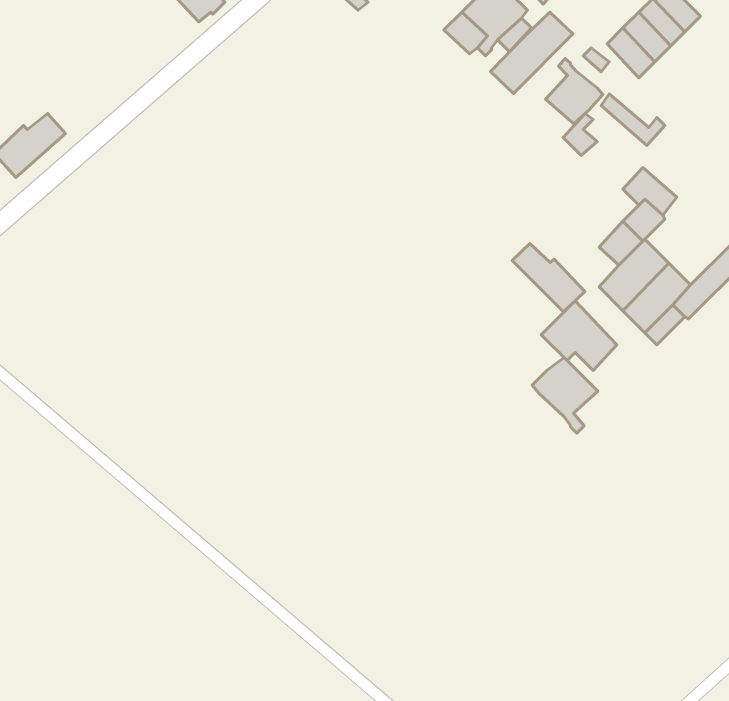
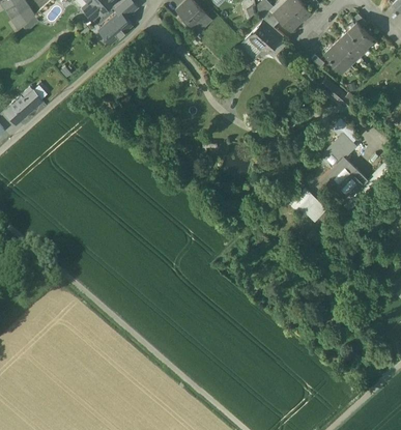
building: [490,12,573,93] -> none
building: [545,58,603,124] -> none
building: [512,243,585,312] -> none
building: [532,357,598,433] -> none

